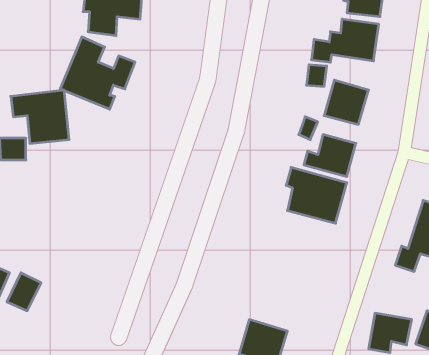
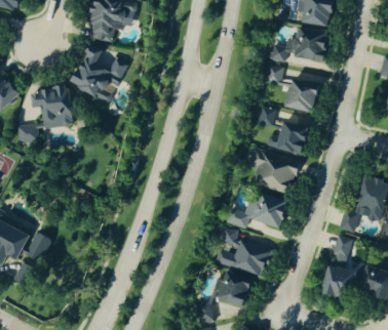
building: none -> [227,191,285,228]
building: none -> [217,228,270,273]
building: none -> [333,235,353,262]

